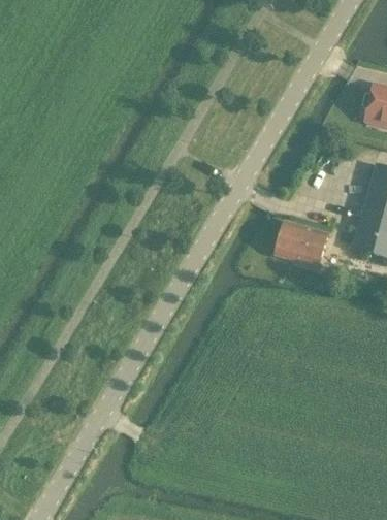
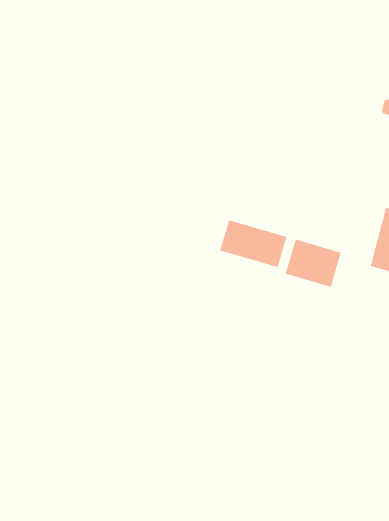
building: none -> [220,219,287,268]

